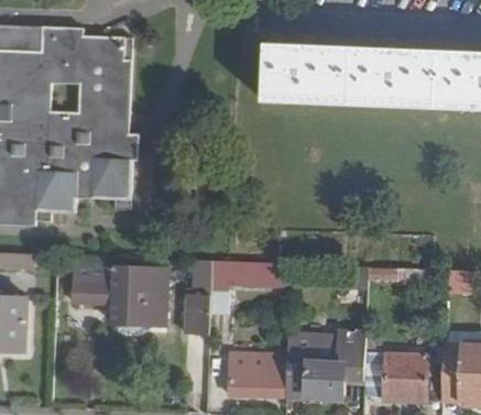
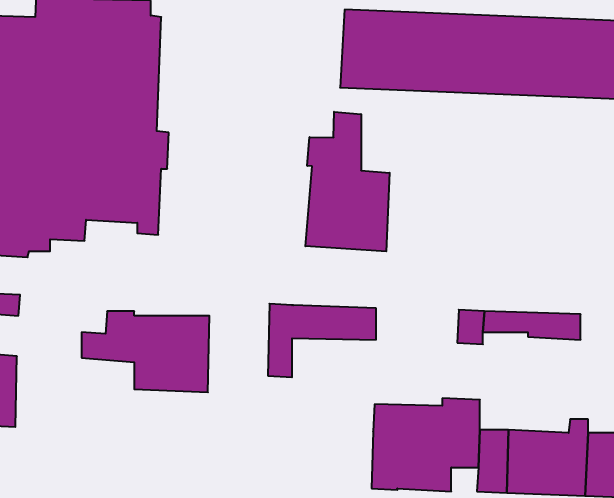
building: none -> [305,112,390,251]
building: [184,260,210,334] -> none
building: [229,352,286,395] -> none

